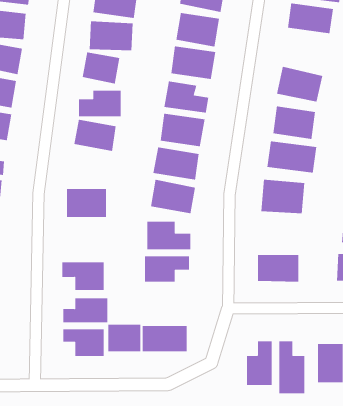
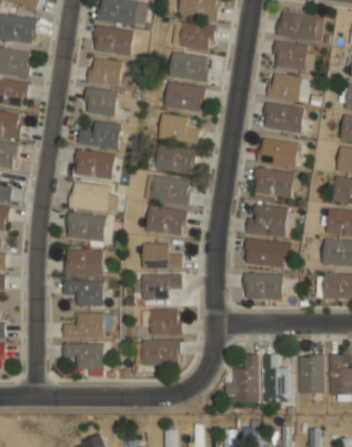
building: none -> [268,71,308,102]
building: none -> [69,181,117,212]
building: none -> [245,241,284,266]
building: none -> [66,251,102,275]
building: [108,324,141,352] -> [150,309,181,335]

